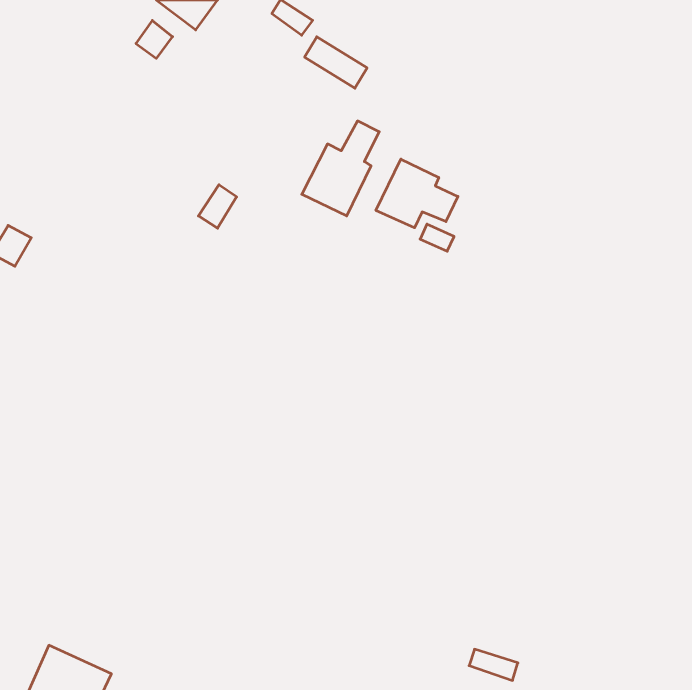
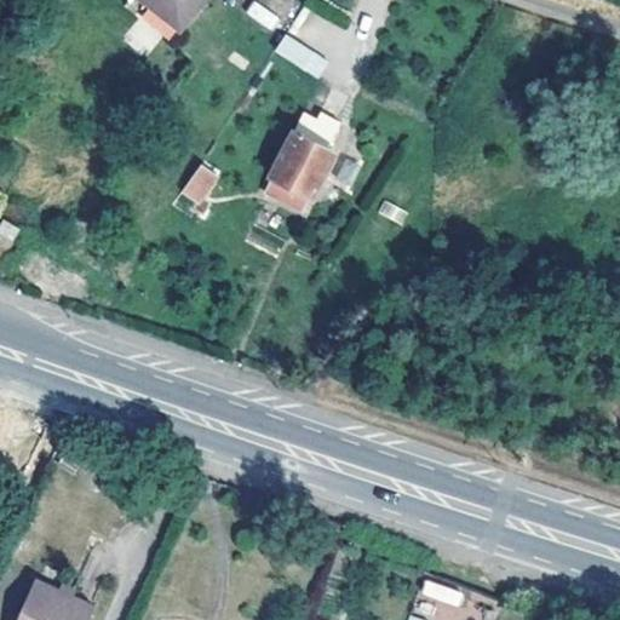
building: [376,159,458,228] -> none

